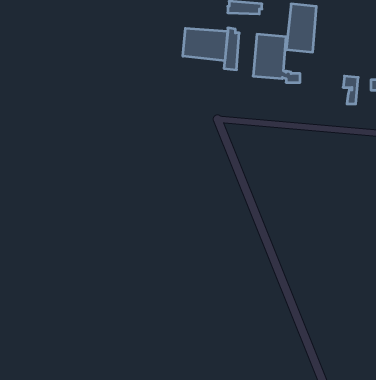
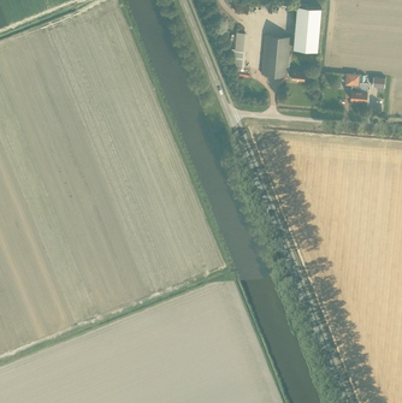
building: [183,28,228,61] -> none

